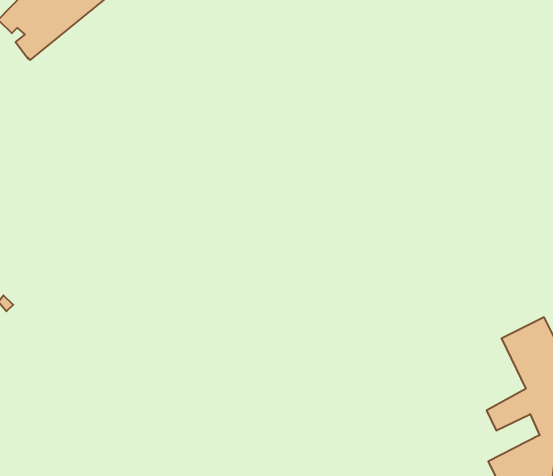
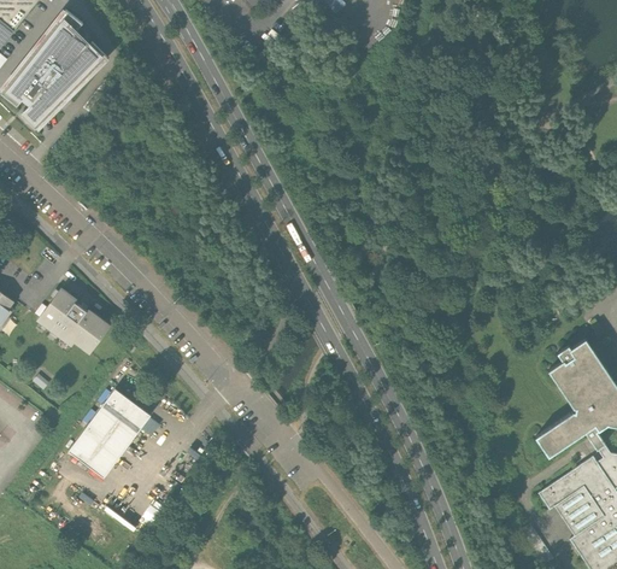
building: none -> [36,287,108,351]
building: none -> [66,387,149,476]

